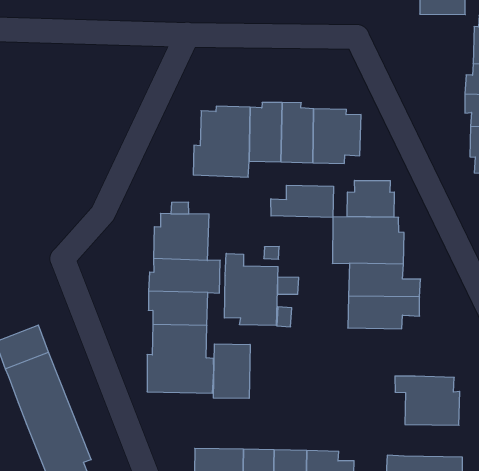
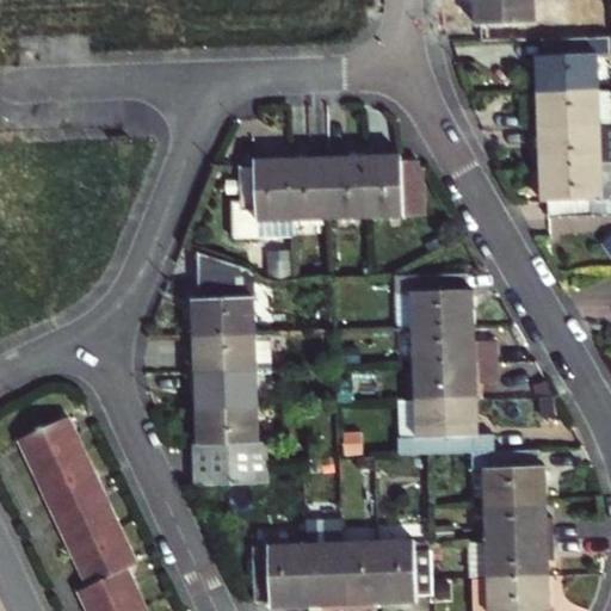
building: [347,180,394,217] -> none
building: [271,185,333,218] -> none
building: [225,253,278,326] -> none
building: none -> [399,399,494,456]
building: [213,344,250,398] -> none
building: none -> [486,504,553,542]

